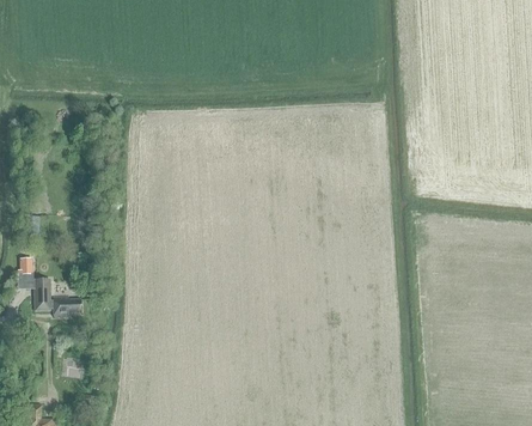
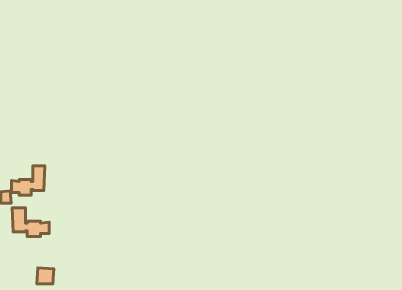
building: none -> [12,166,45,195]

